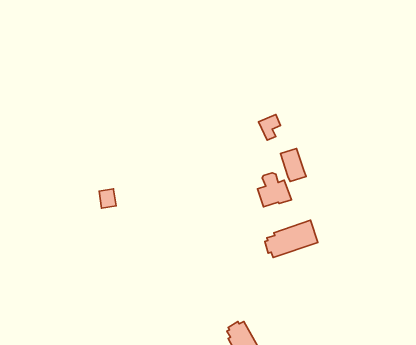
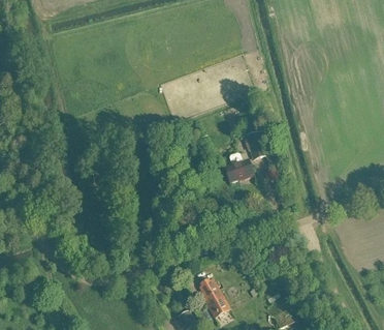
building: [265,220,318,257] -> none

